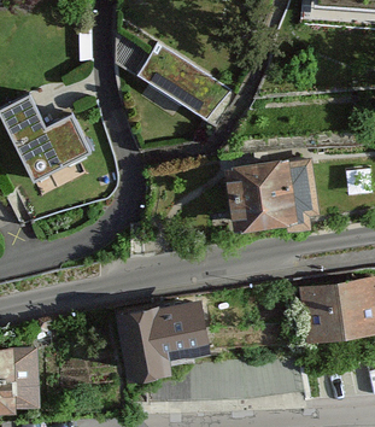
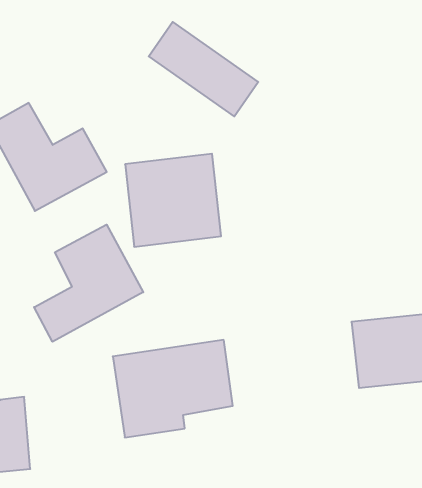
building: [218,160,295,235] -> [125,154,221,247]
building: none -> [34,225,143,342]

